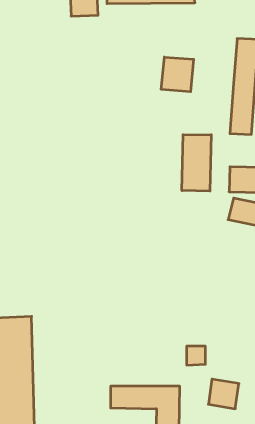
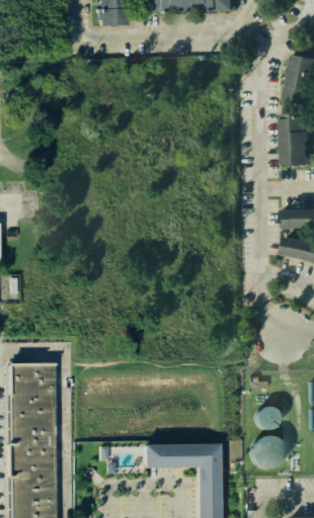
building: [161,57,194,92] -> none
building: [182,135,211,191] -> none
building: [187,346,205,365] -> [259,409,281,430]

